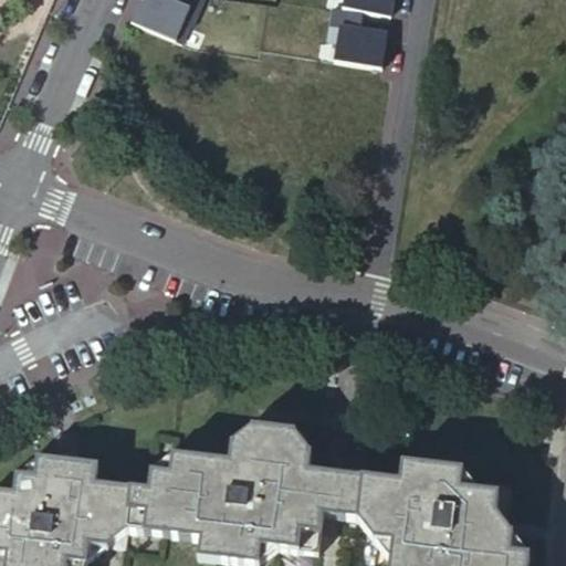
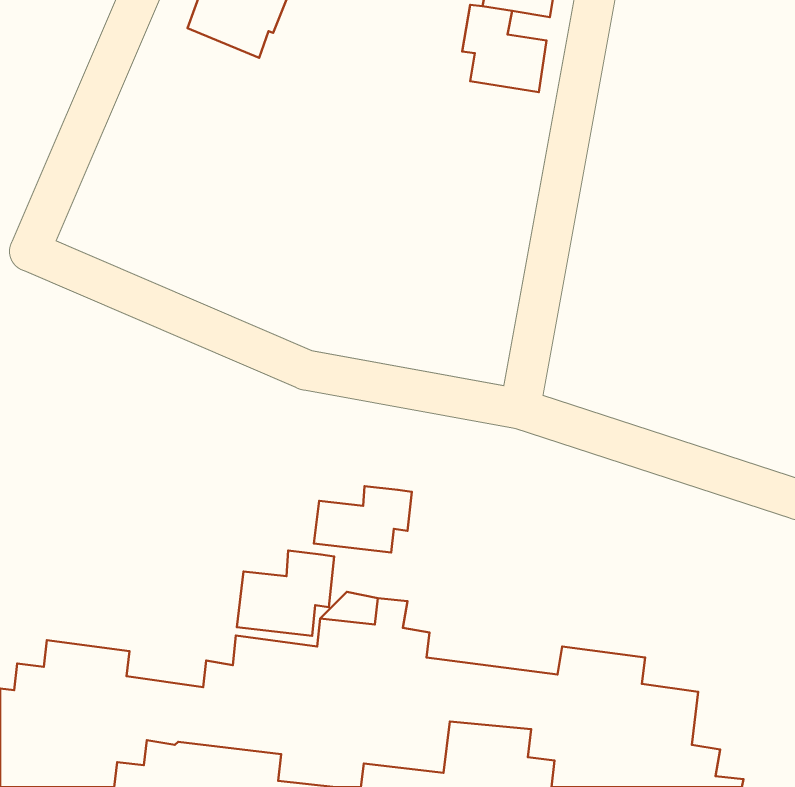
building: none -> [314,486,412,552]
building: none -> [237,551,334,636]

